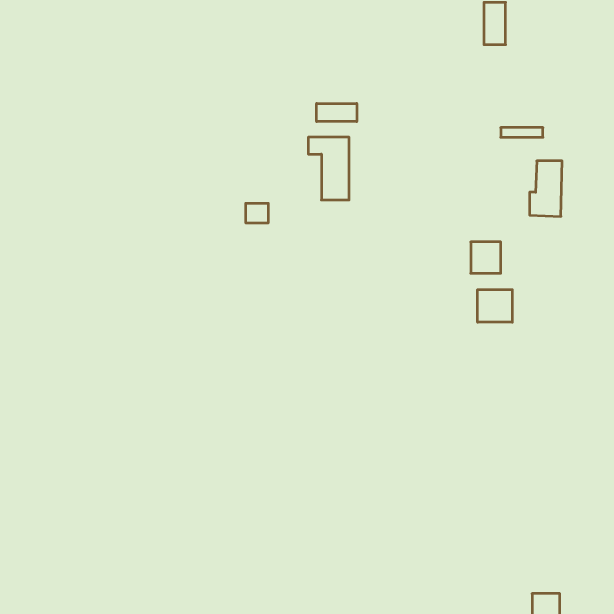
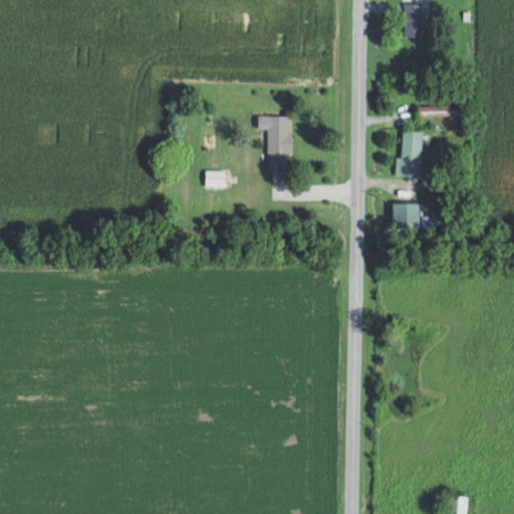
building: [317,103,357,122] -> none
building: [530,161,562,216] -> [397,131,424,177]
building: [478,290,512,322] -> none

